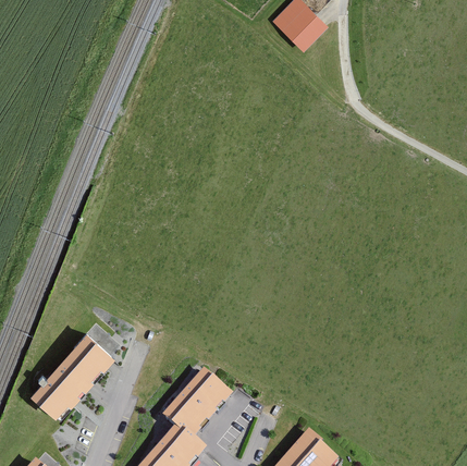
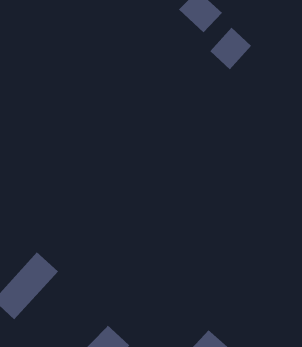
building: none -> [209,27,252,70]
building: [163,372,235,442] -> none

